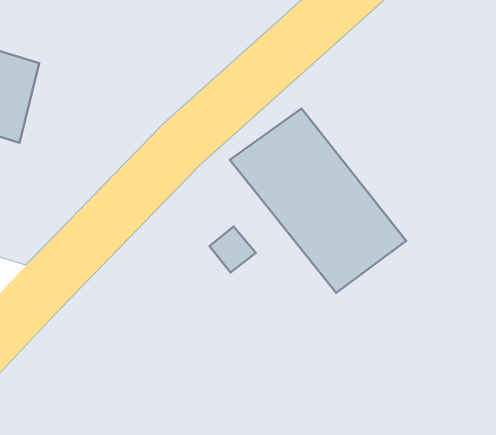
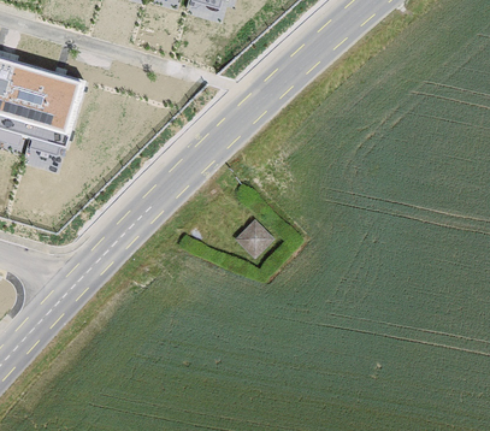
building: [230,109,406,293] -> none

